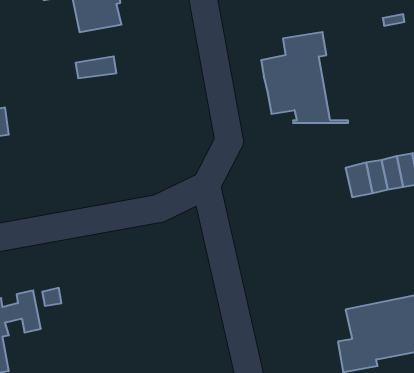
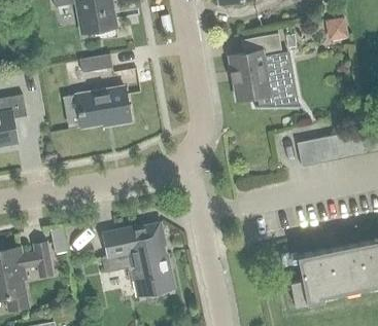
building: none -> [76,86,132,126]
building: none -> [102,225,175,297]

